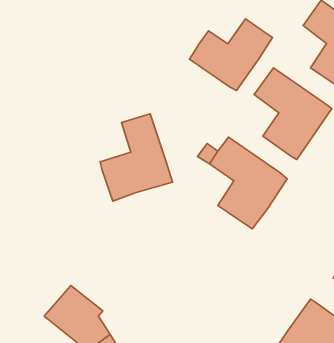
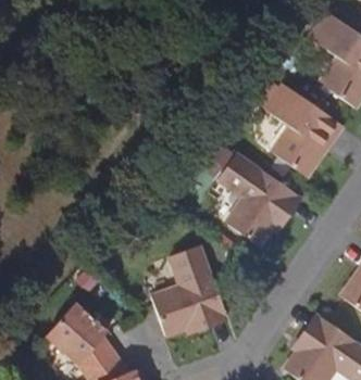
building: [189,19,272,90] -> none
building: [100,114,173,201] -> [151,248,225,337]

